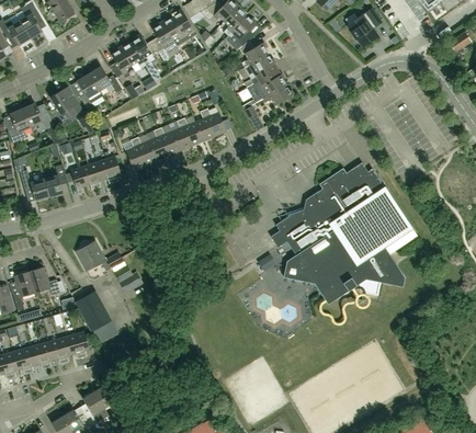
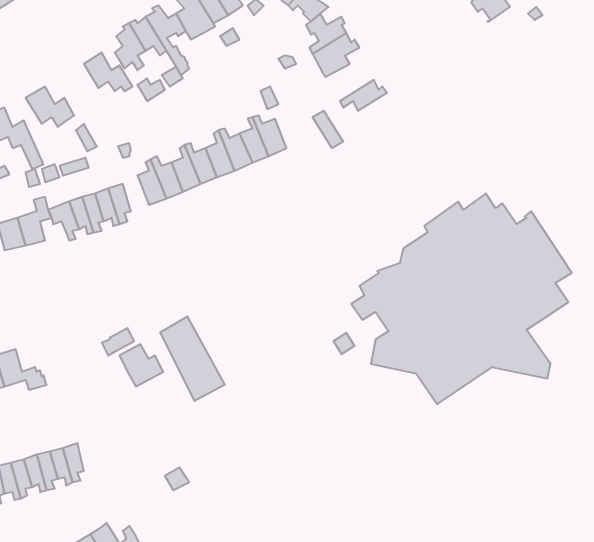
building: [77,73,103,110] -> none
building: [252,73,285,99] -> none
building: [75,240,101,271] -> none
building: [76,290,120,347] -> [160,316,225,401]

